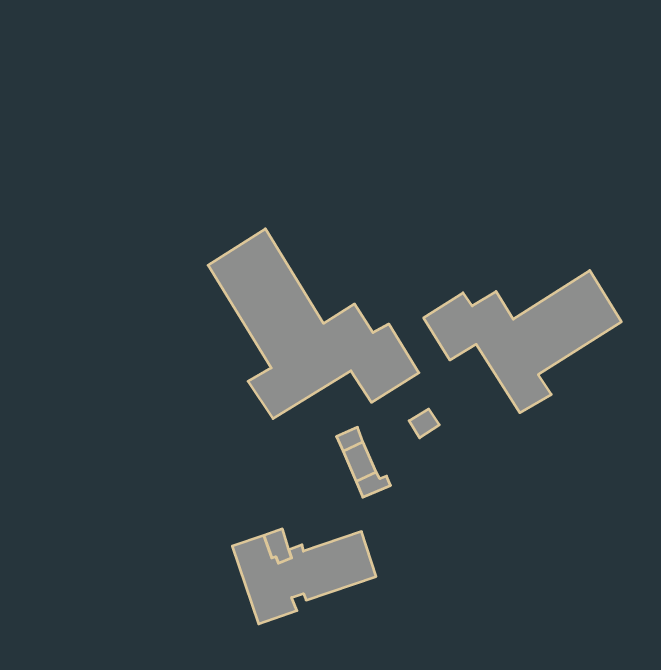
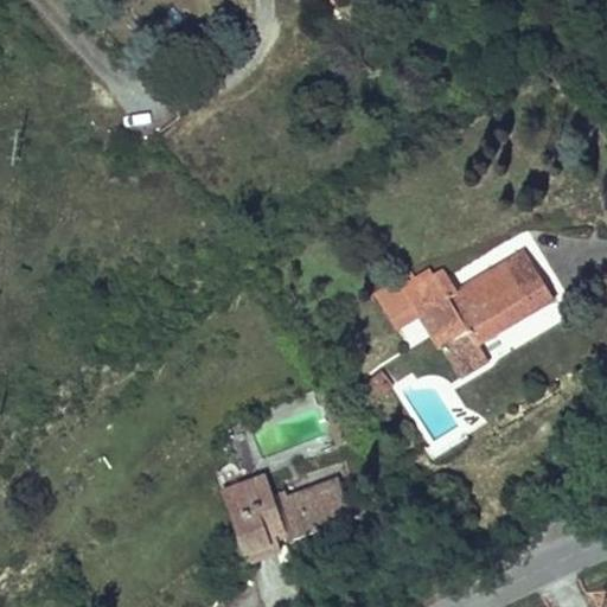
building: [208,229,419,419] -> none

